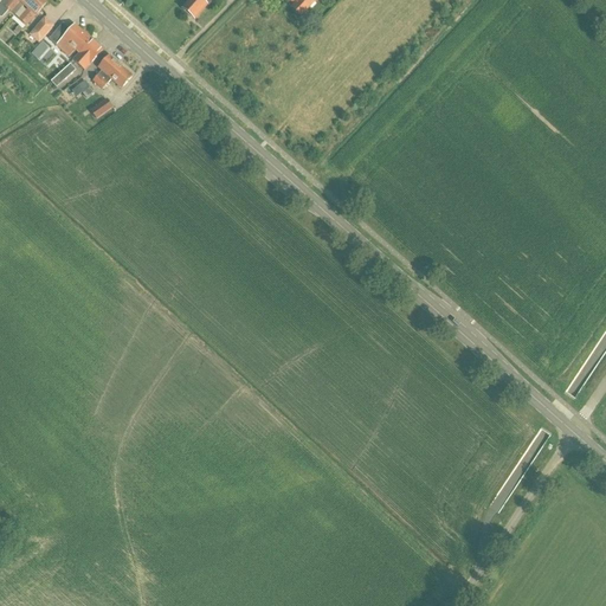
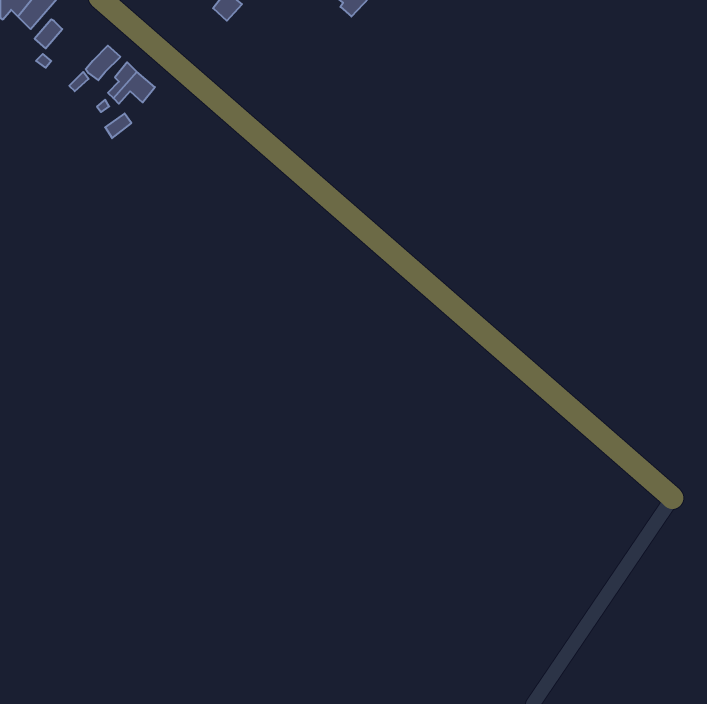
building: [50,21,92,56] -> none

